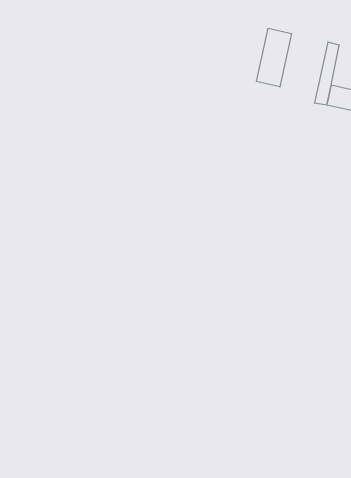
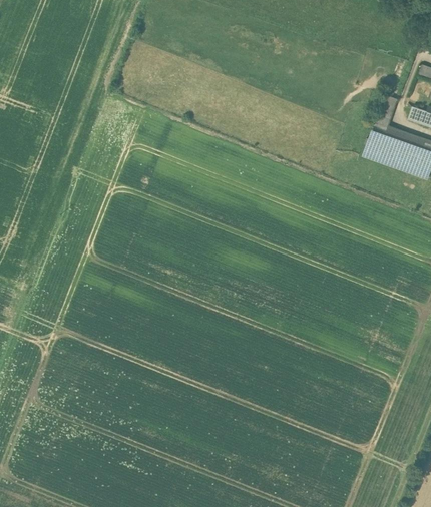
building: [256,28,292,87] -> none

